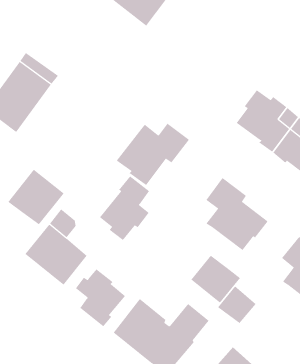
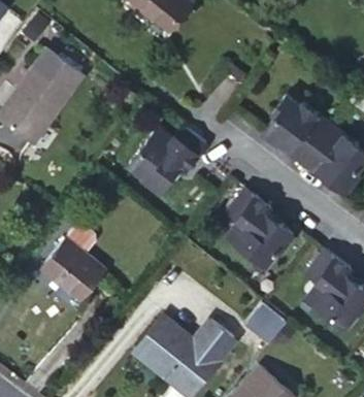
building: [8,169,64,225] -> none
building: [99,175,150,241] -> none
building: [191,255,241,304] -> none
building: [75,269,126,327] -> none

